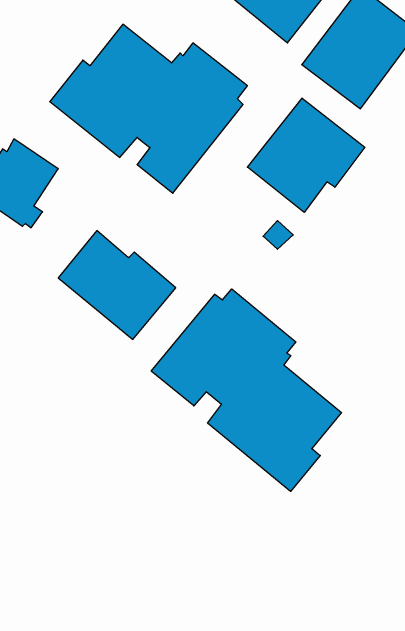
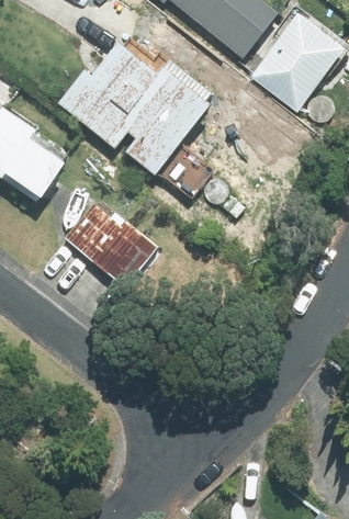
building: [247,98,365,212] -> none
building: [151,289,341,491] -> none

